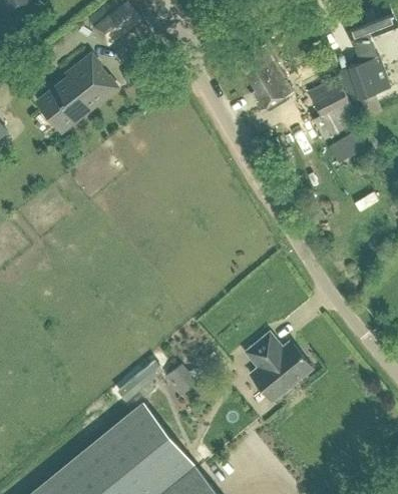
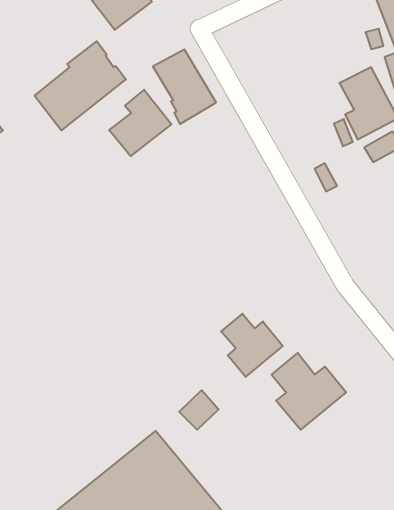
building: [237,45,293,111] -> [153,49,216,124]
building: none -> [109,90,171,156]
building: none -> [221,314,283,377]

